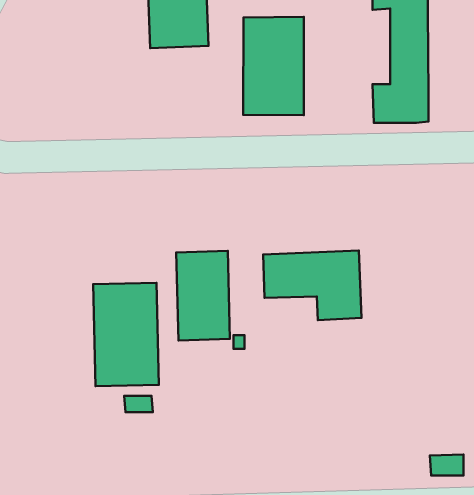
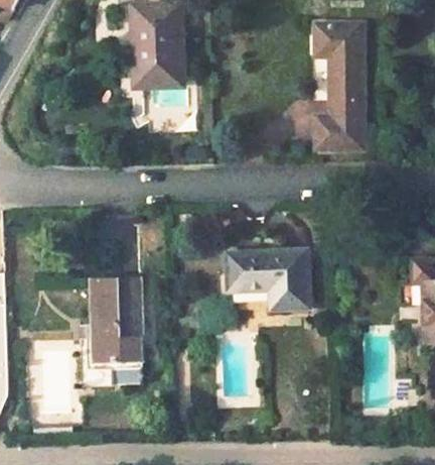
building: [243,17,304,115] -> none
building: [176,251,230,340] -> none

